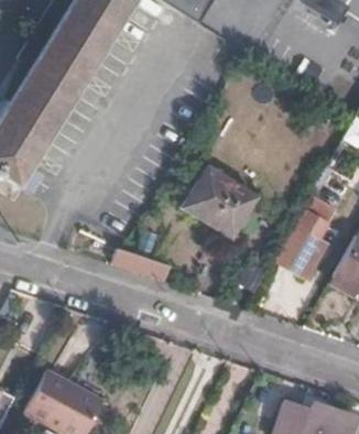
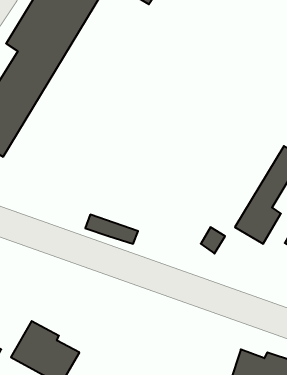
building: [182,165,259,239] -> none

